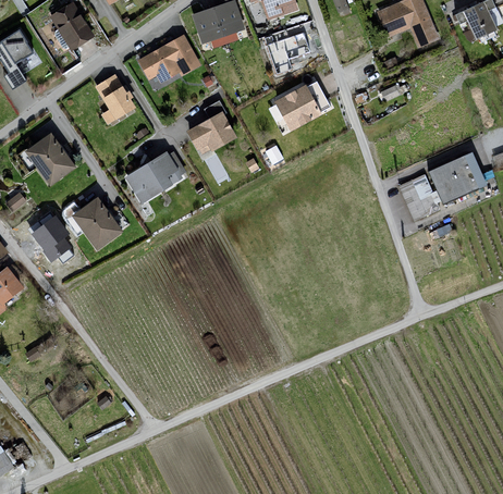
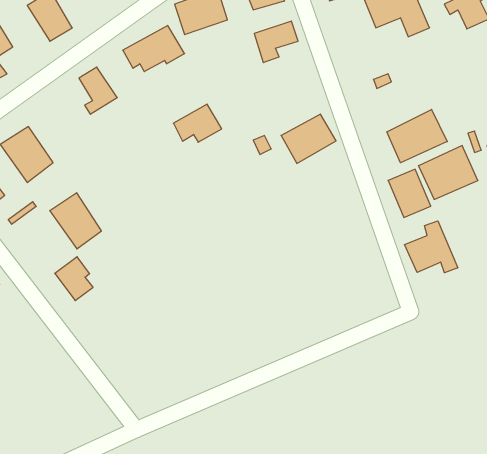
building: [279,79,332,127] -> [281,114,336,163]
building: none -> [387,109,447,163]
building: [123,152,183,206] -> none
building: [35,215,72,258] -> [55,257,93,301]
building: none -> [404,221,458,273]

